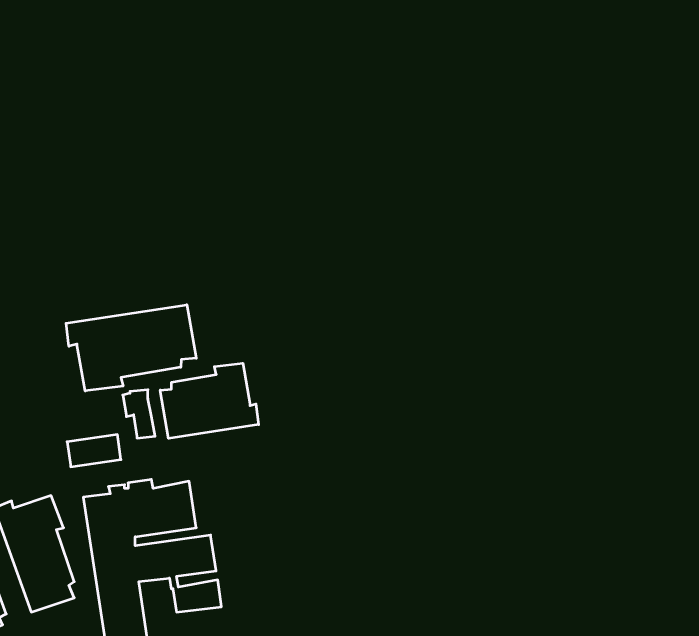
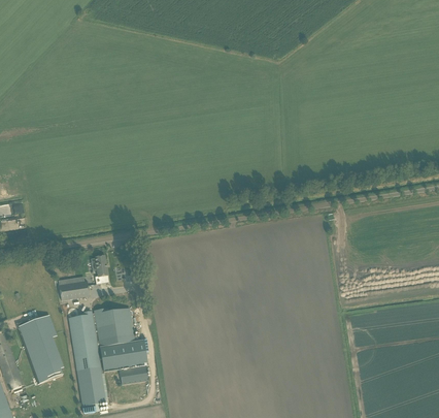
building: [66,305,196,391] -> none
building: [160,363,259,438] -> none

